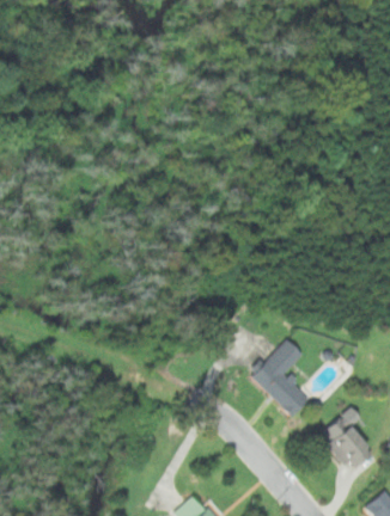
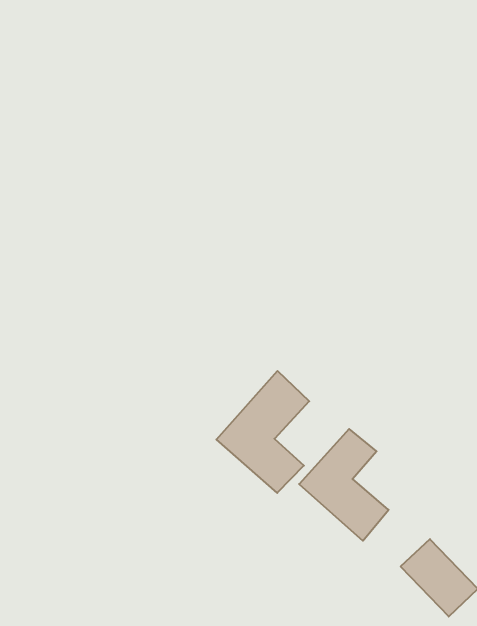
building: none -> [216,371,309,493]

